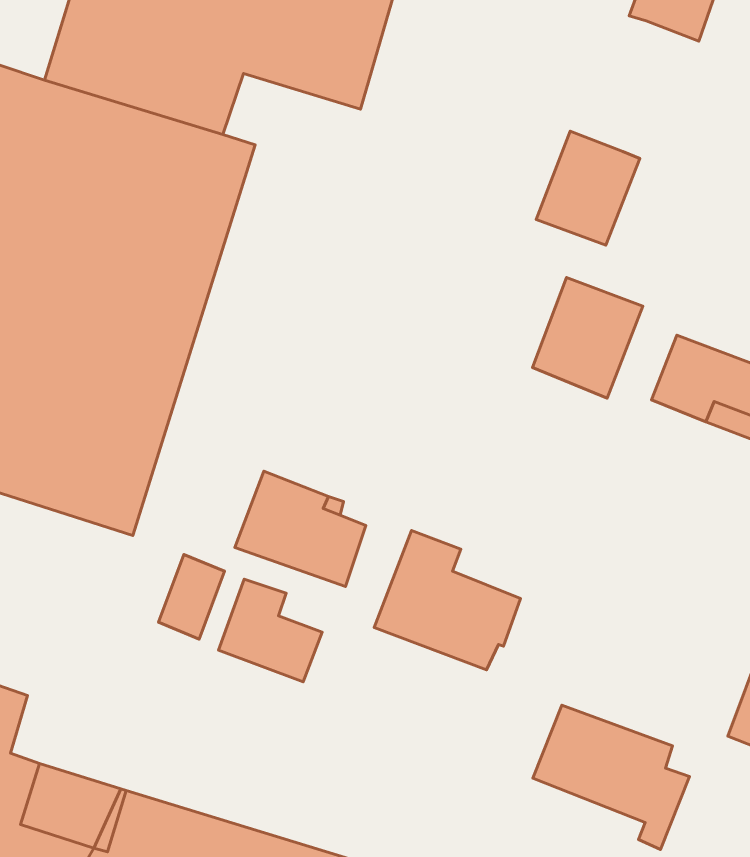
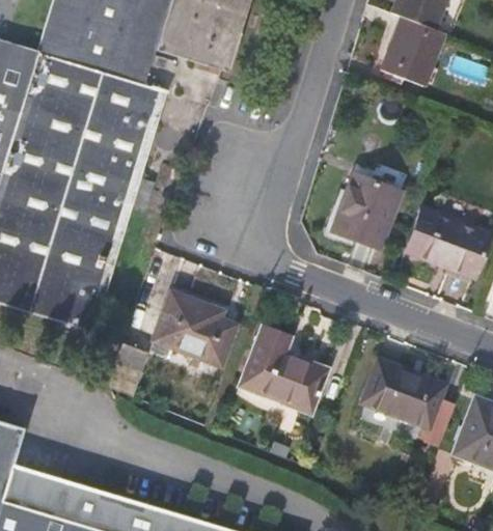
building: [536,131,640,245] -> [381,17,444,86]
building: [218,579,322,682] -> none
building: [533,705,689,850] -> [358,358,454,446]

